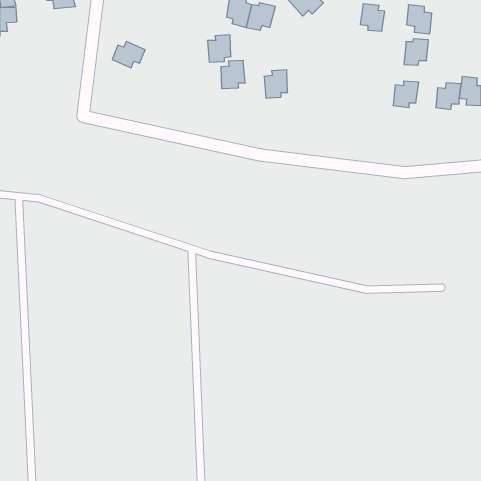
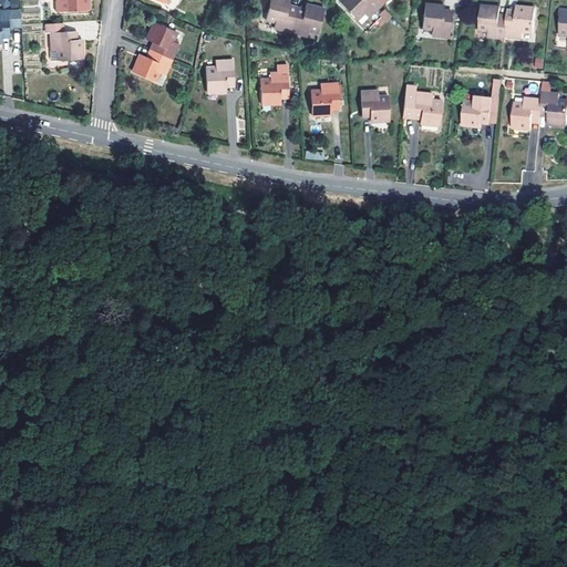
building: none -> [44,21,81,59]
building: none -> [145,21,177,59]
building: [207,35,231,62] -> [205,60,233,92]
building: [404,39,428,65] -> [505,8,534,39]
building: none -> [360,89,389,122]
building: none -> [412,91,442,124]

